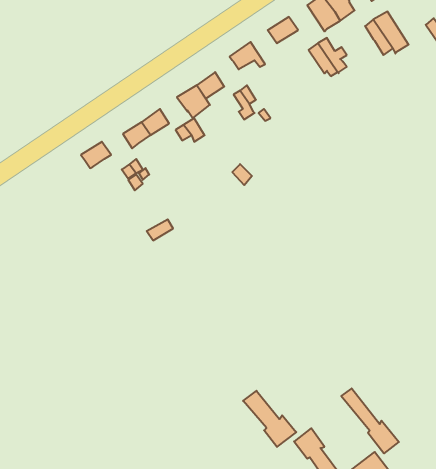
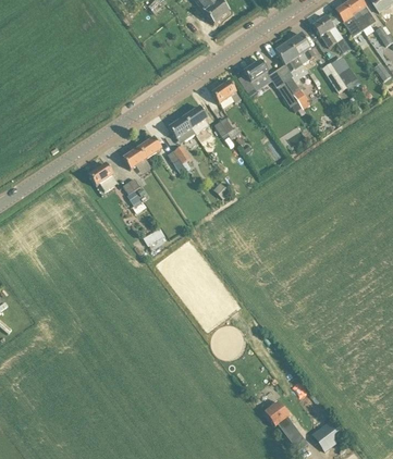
building: [341,388,399,453] -> none
building: [243,391,296,447] -> none

